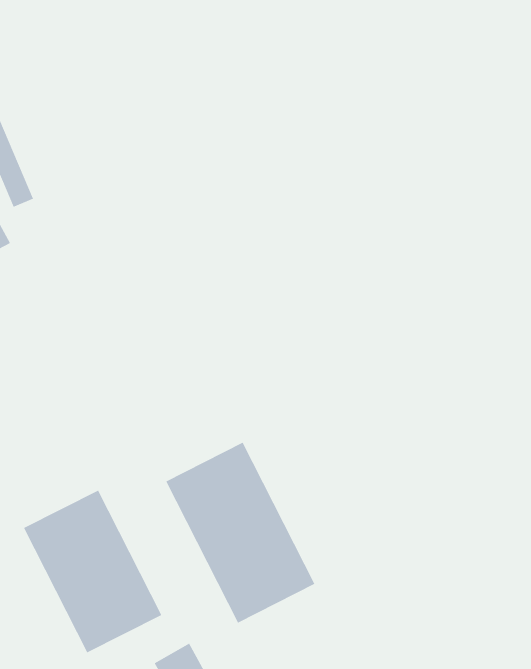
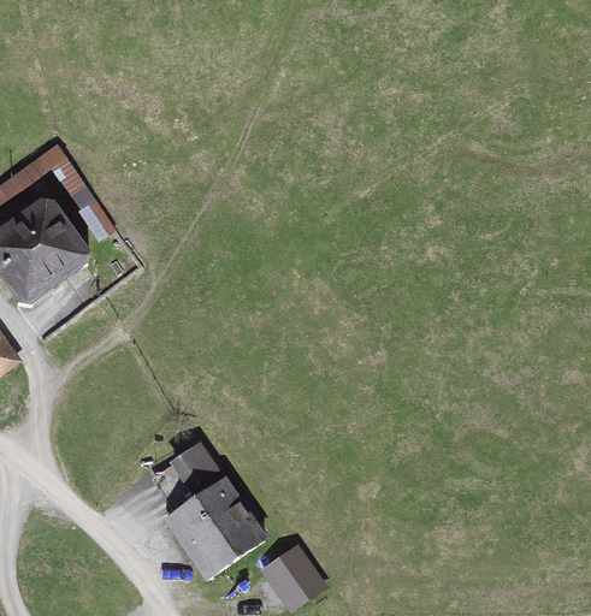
building: [166,442,315,624] -> none

